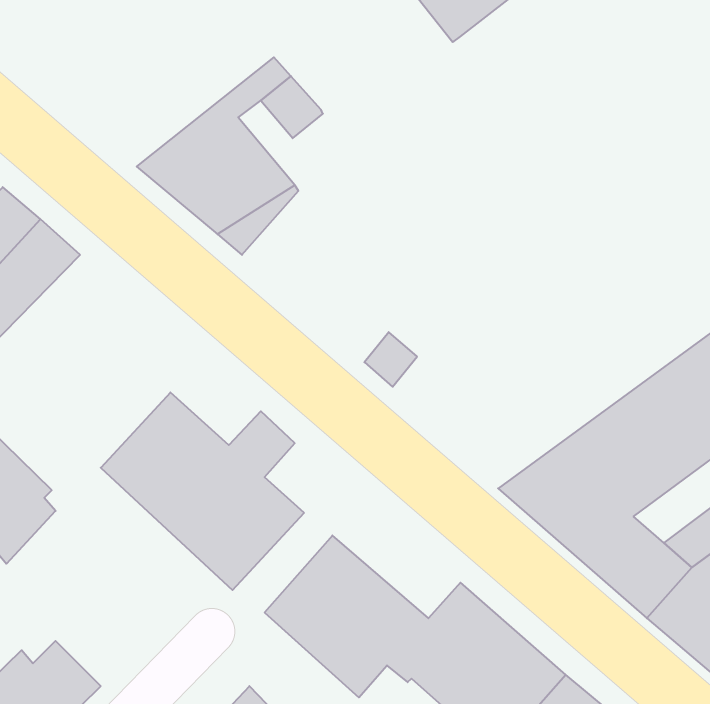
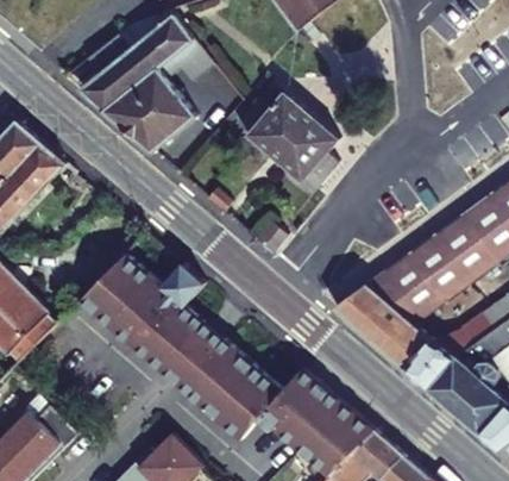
building: none -> [78,8,190,108]
building: none -> [237,82,340,193]
building: none -> [164,327,227,391]

